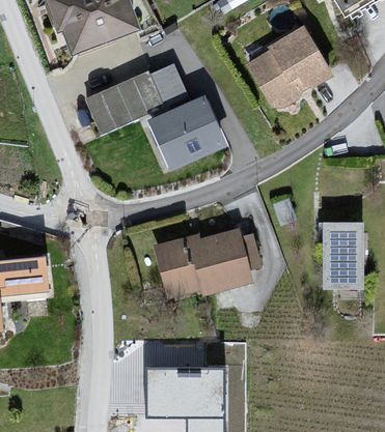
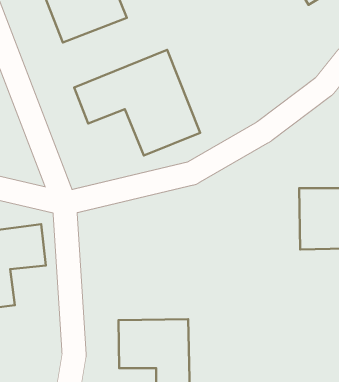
building: [246,19,347,106] -> none
building: [156,230,247,295] -> none

